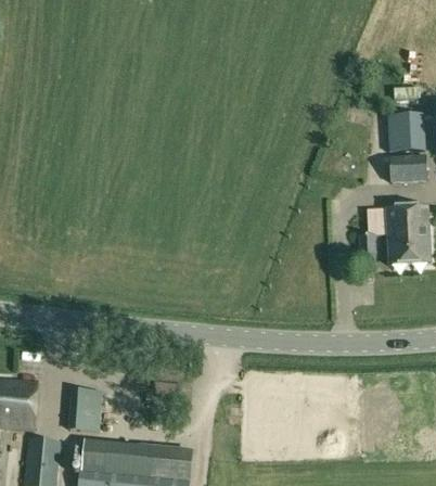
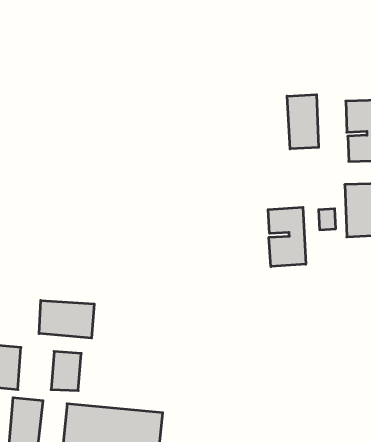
building: none -> [287,95,319,149]
building: none -> [268,207,306,267]
building: none -> [39,300,94,338]

